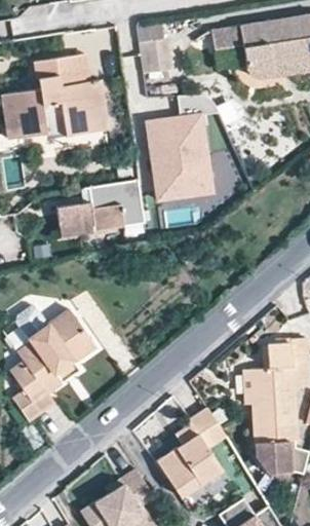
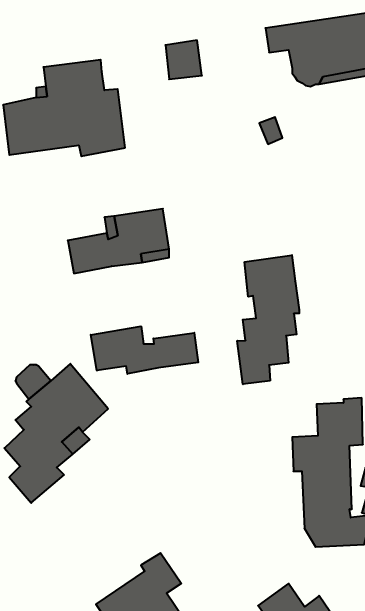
building: [146,96,218,199] -> none
building: none -> [237,255,299,384]
building: none -> [91,326,198,374]
building: [156,409,223,497] -> none

